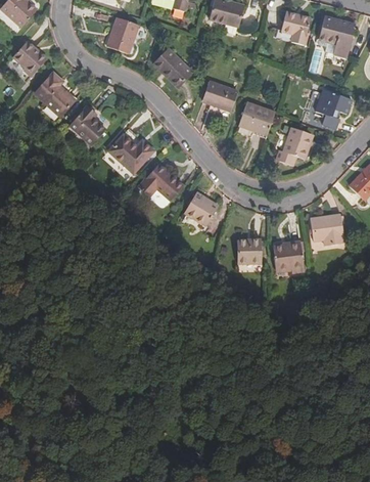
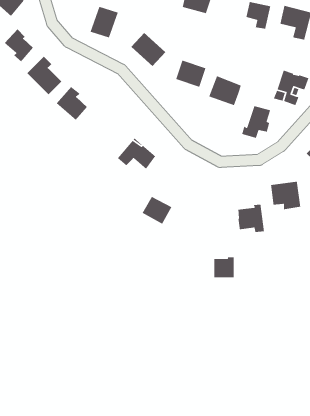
building: [109,136,154,175] -> none
building: [185,193,220,226] -> [142,196,173,225]
building: [238,238,262,263] -> [213,256,234,278]

